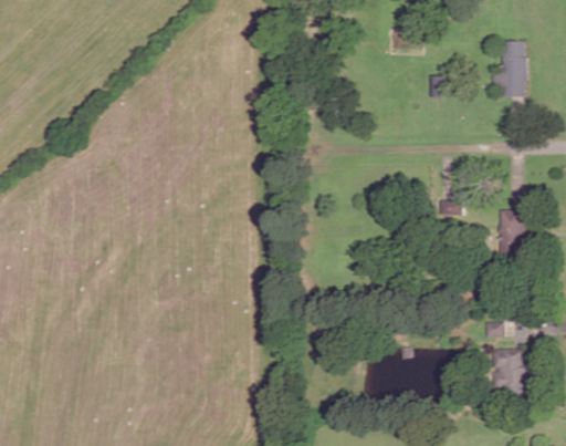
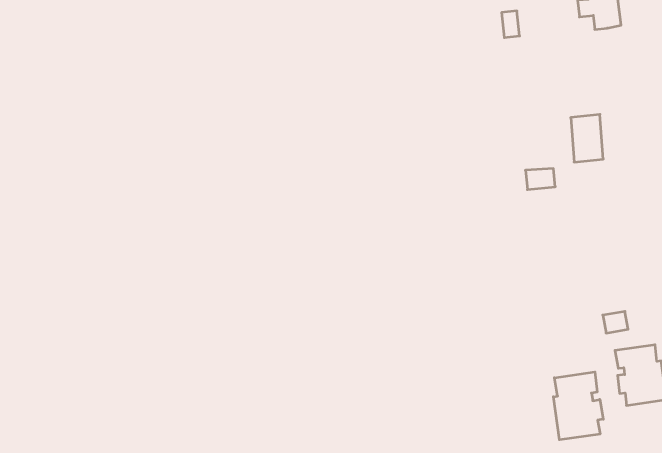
building: [500,209,524,245] -> [571,114,603,162]
building: none -> [553,372,603,440]

